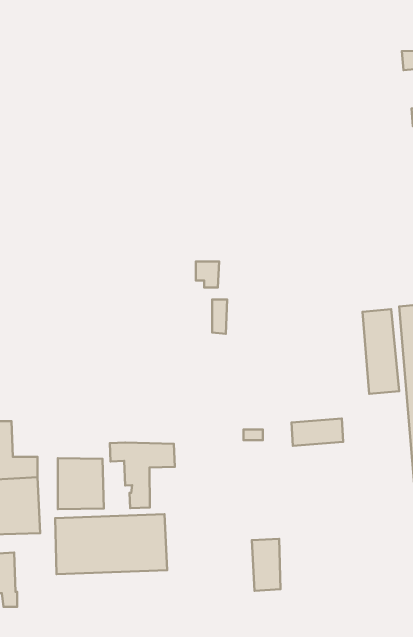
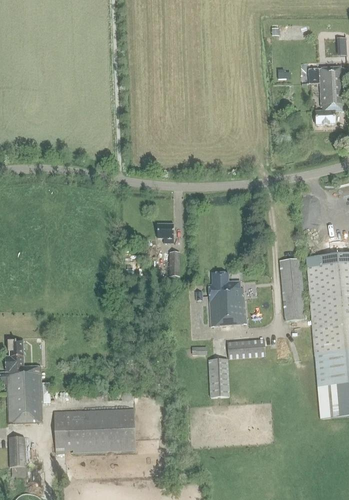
building: none -> [209,273,246,325]
building: [110,443,175,508] -> none
building: [58,458,104,509] -> none
building: [252,539,280,591] -> [208,358,229,396]

